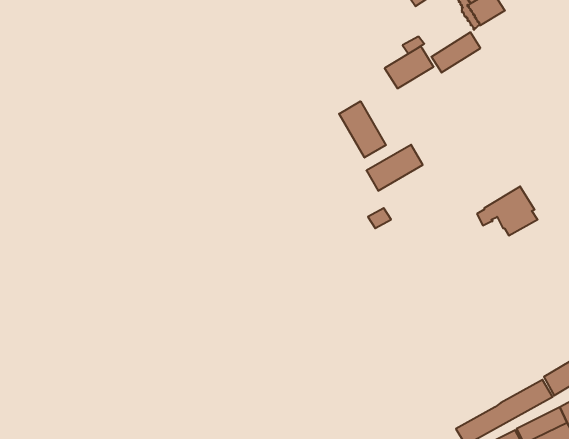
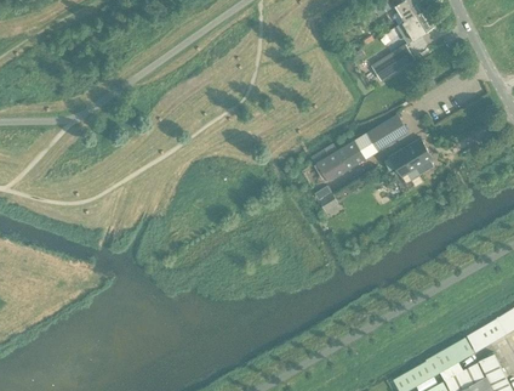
building: [385,47,434,88] -> [366,114,407,149]
building: [339,101,386,158] -> none
building: [477,186,538,235] -> [383,137,434,178]

